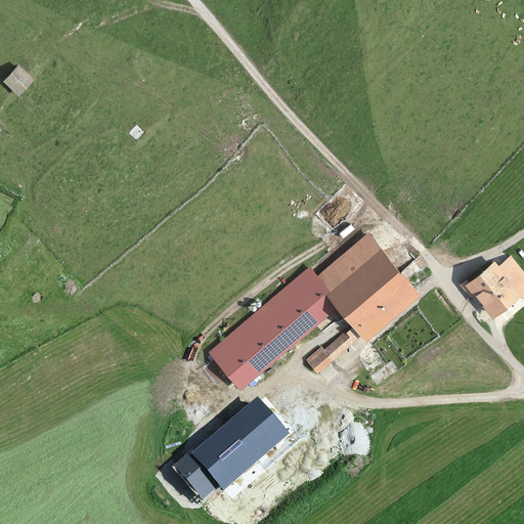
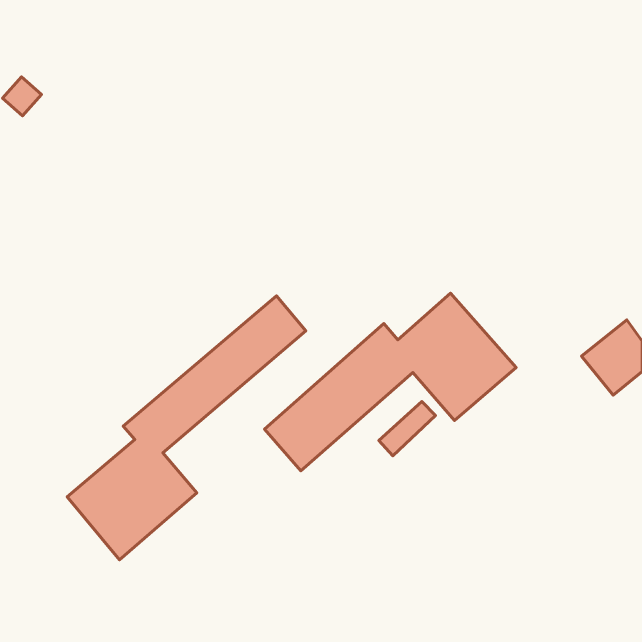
building: none -> [67,296,306,560]
building: [179,400,285,492] -> none

